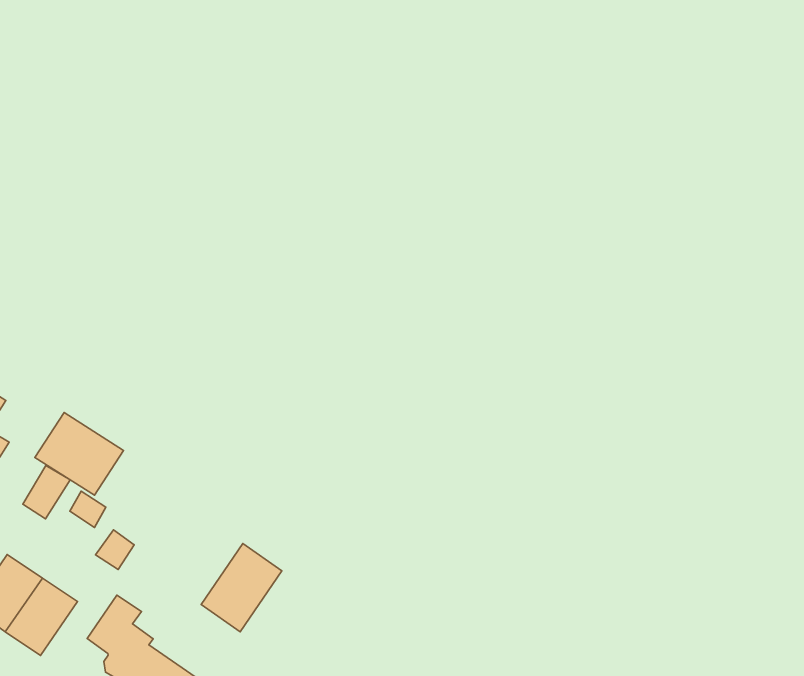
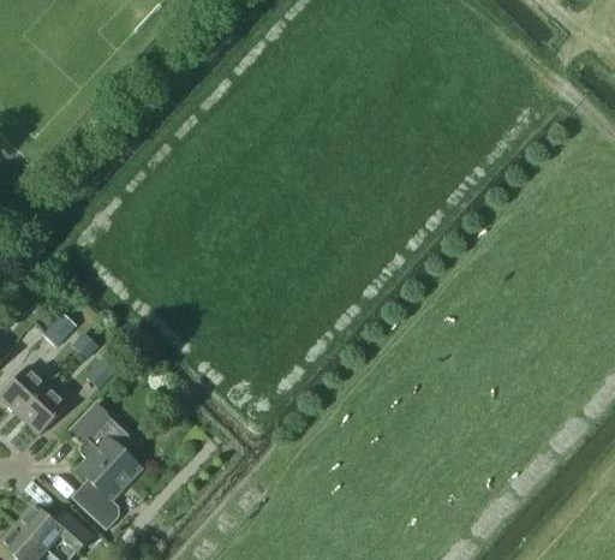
building: [35,413,124,495] -> none
building: [201,544,282,632] -> none

